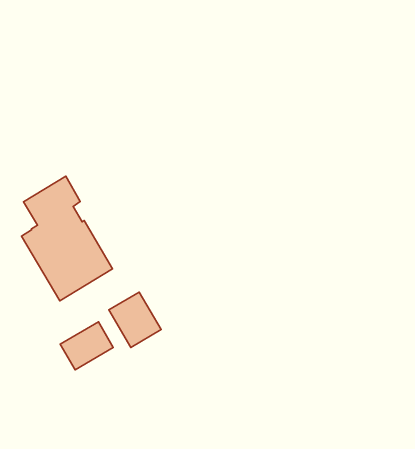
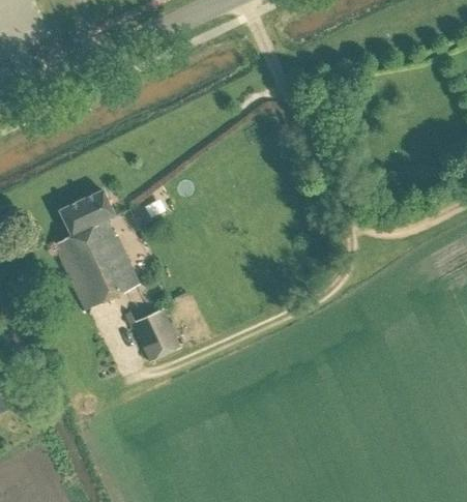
building: [60,322,113,370] -> none

